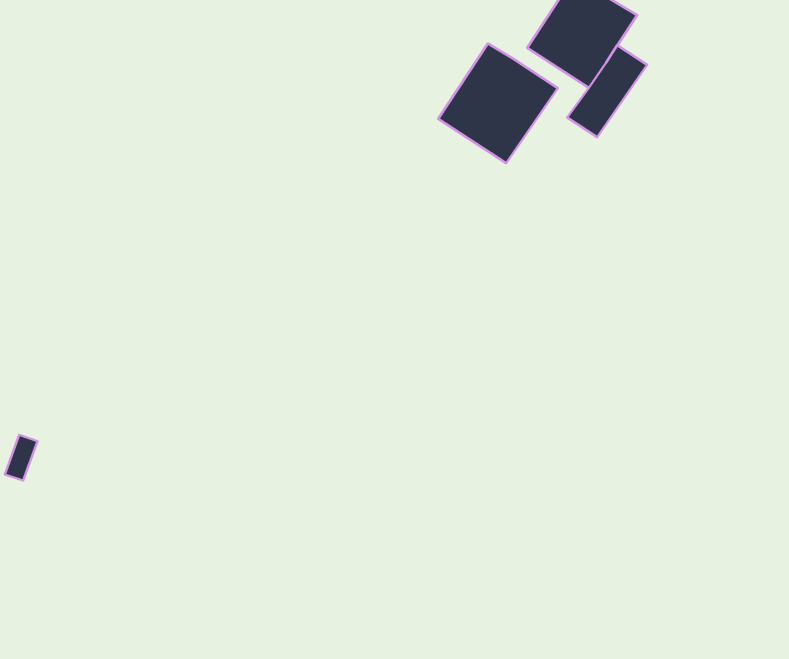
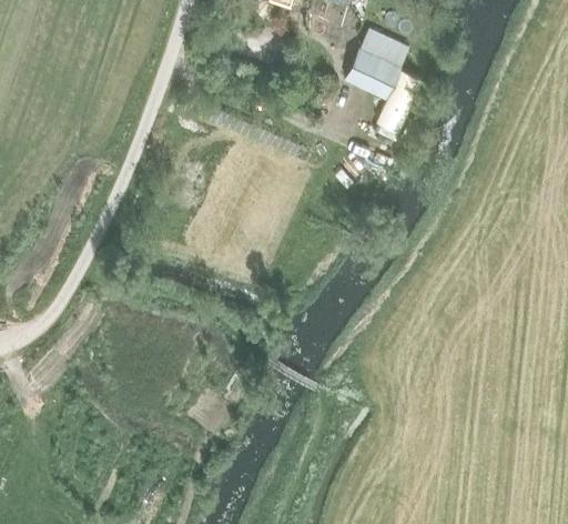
building: [438,43,558,163] -> none

